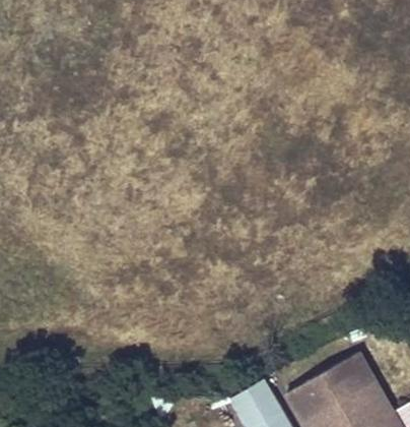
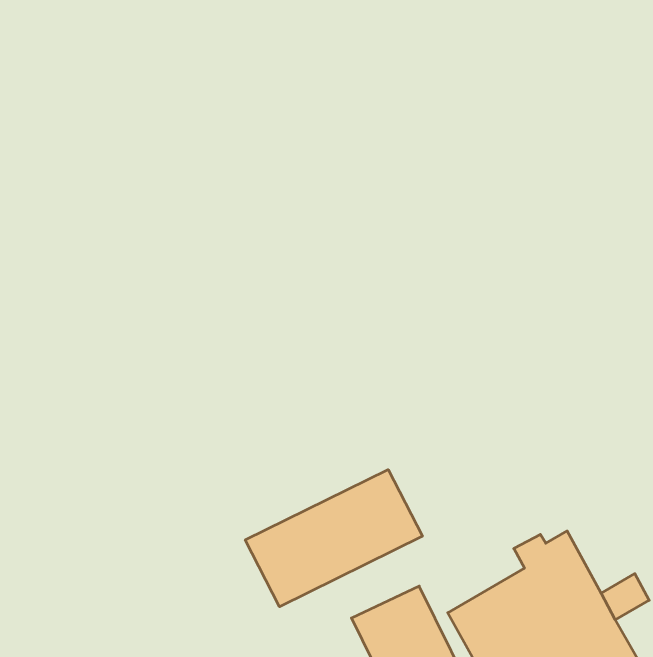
building: none -> [245,470,422,607]

